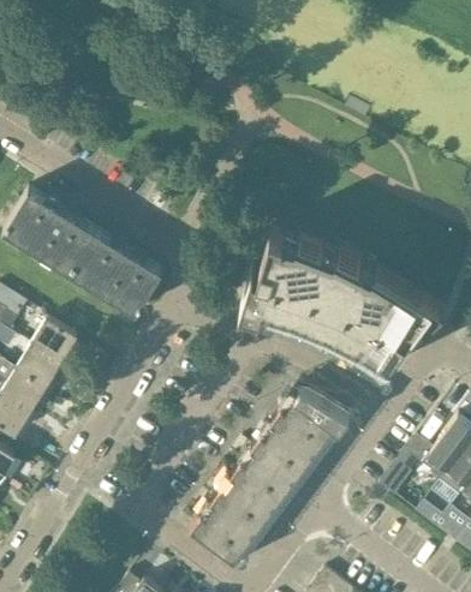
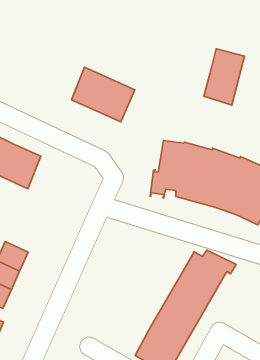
building: none -> [204,49,245,105]
building: [72,234,162,317] -> [71,67,135,122]
building: [31,322,77,366] -> none

